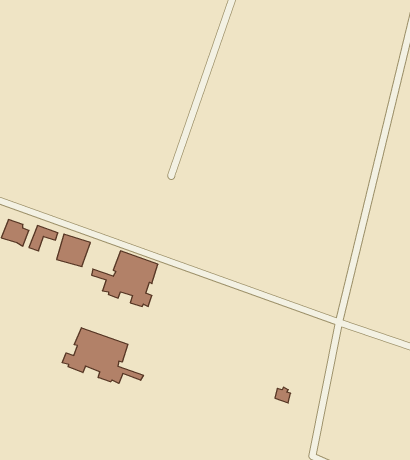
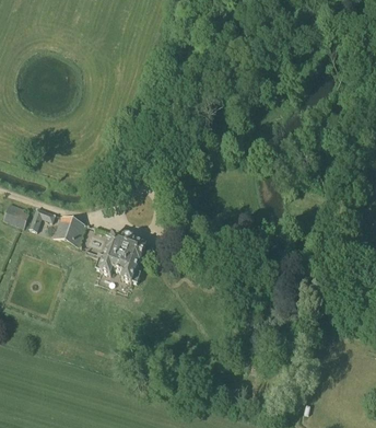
building: [62,328,143,383] -> none

